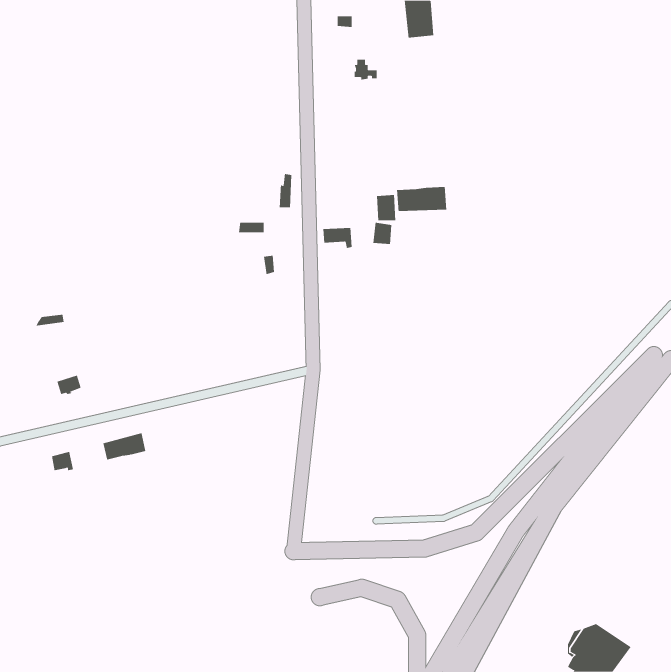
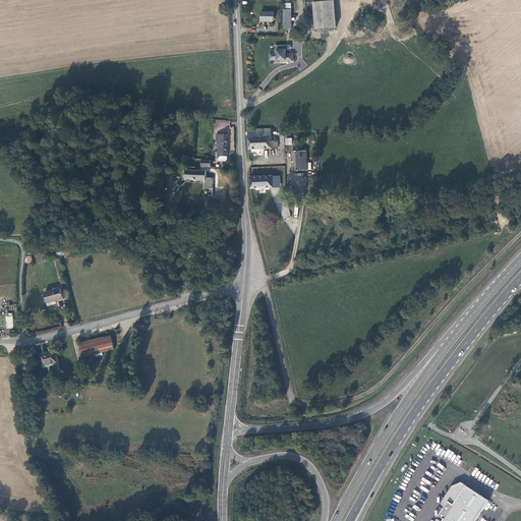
building: none -> [247,129,277,150]
building: [397,186,447,212] -> none

